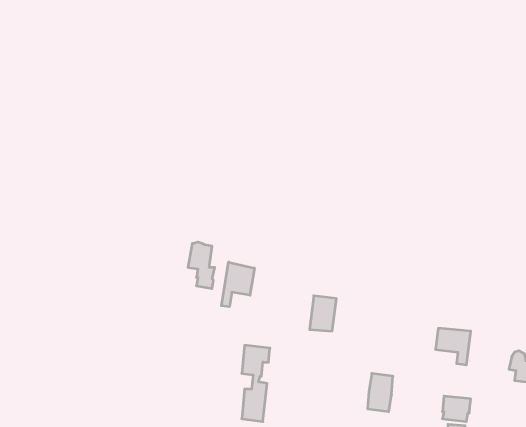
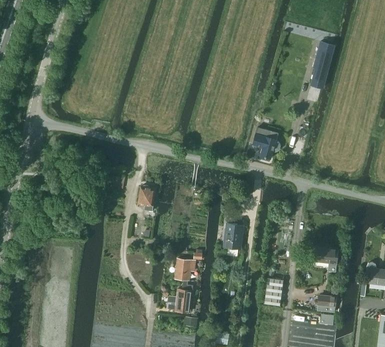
building: none -> [311,42,335,89]
building: none -> [253,128,281,159]
building: [221,262,254,307] -> none

